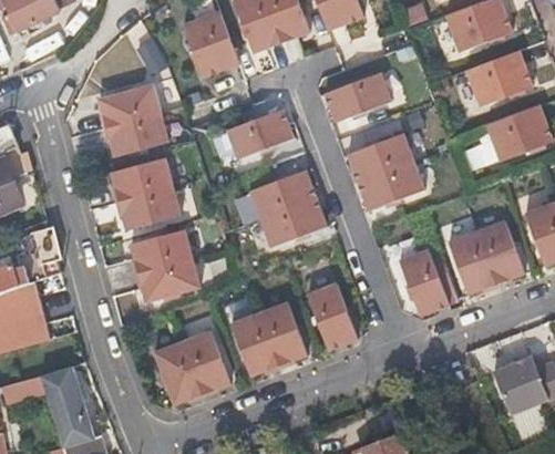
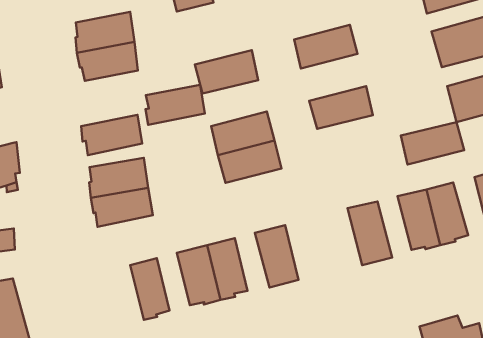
building: [112,157,174,204] -> [146,85,205,125]
building: [359,161,425,209] -> [401,122,464,165]
building: [152,340,203,403] -> none

